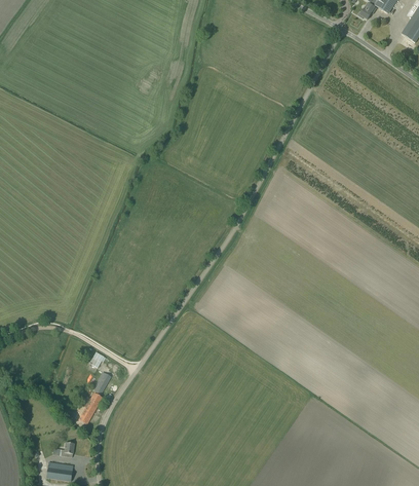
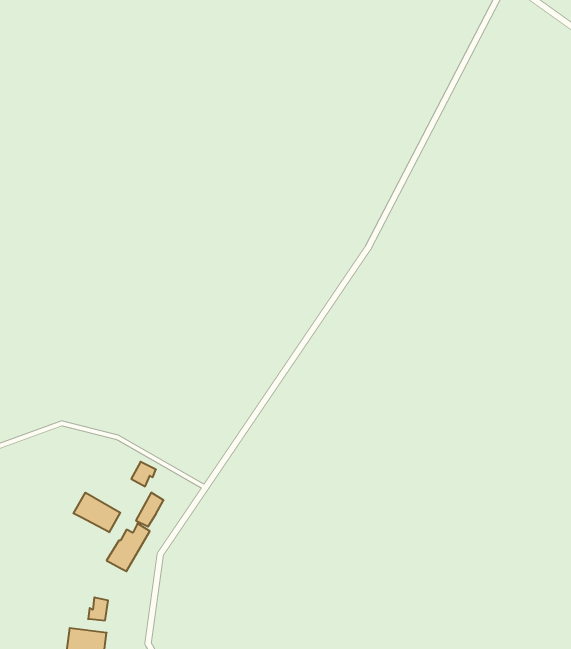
building: none -> [73,493,120,532]

